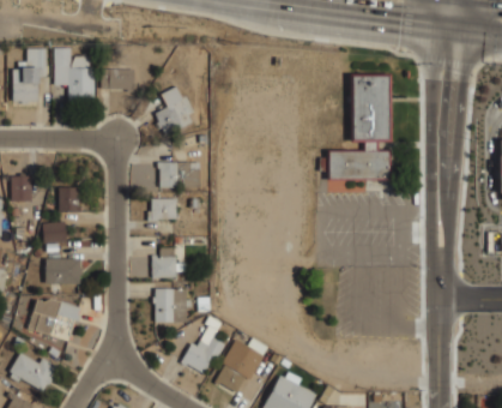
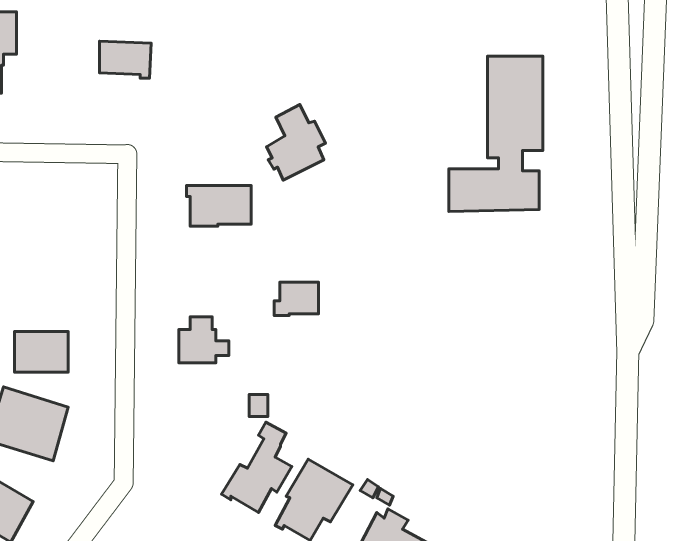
building: [54,48,95,101] -> none
building: [155,86,193,136] -> [266,104,326,180]
building: [58,186,80,211] -> none
building: [147,199,176,221] -> [274,282,319,316]
building: [43,221,66,244] -> none
building: [152,289,186,323] -> none

